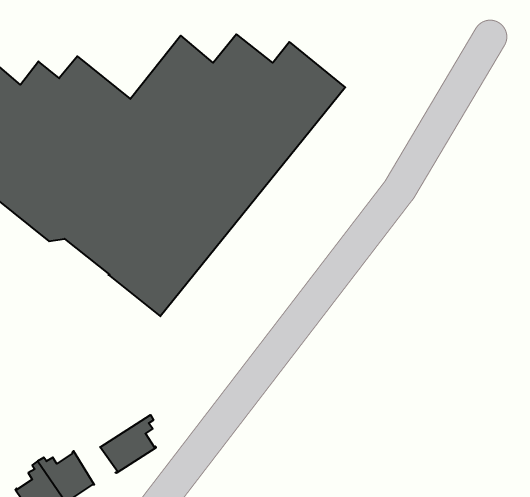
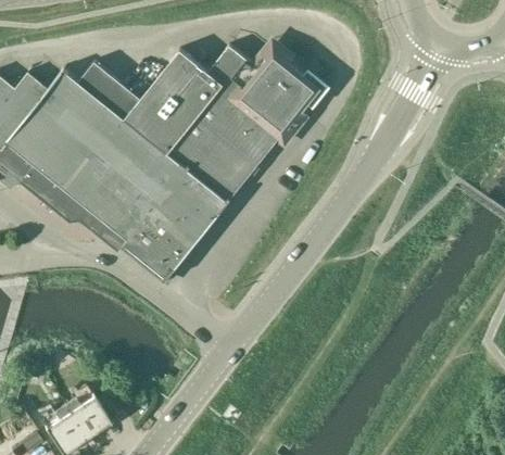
building: [100,415,156,473] -> none

